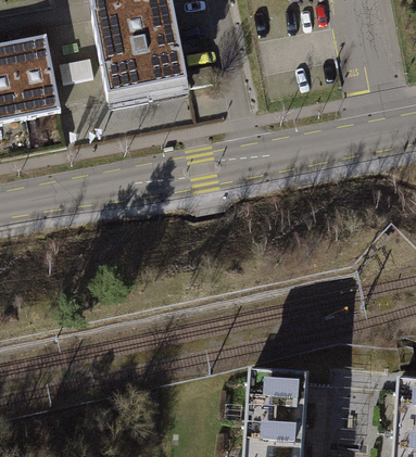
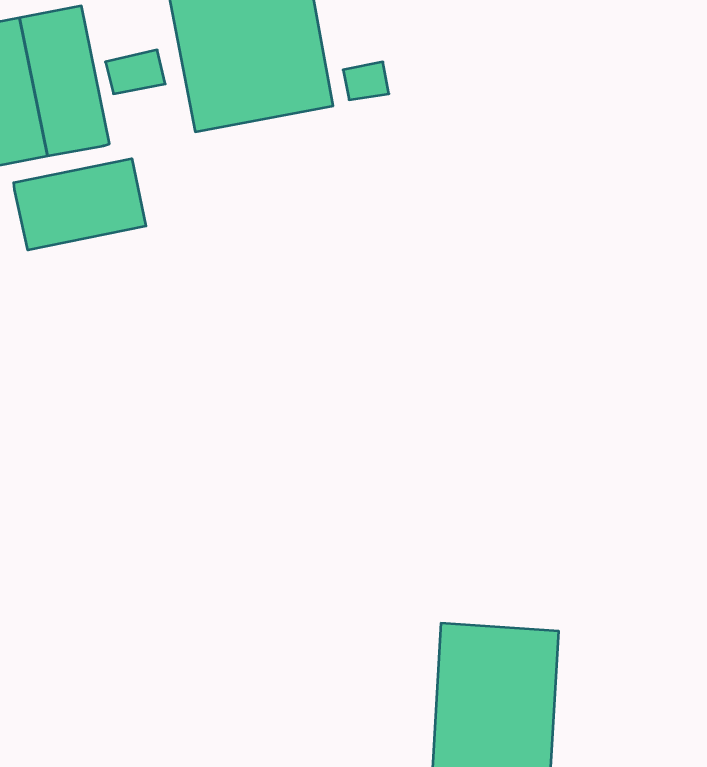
building: none -> [14,159,146,250]

